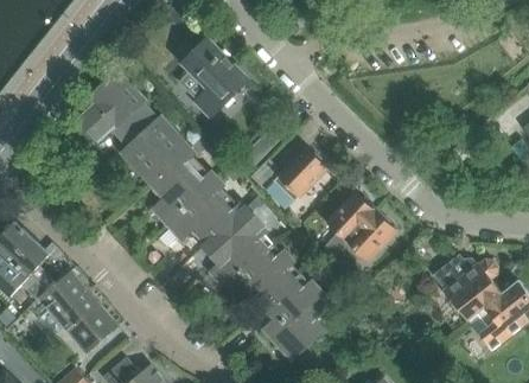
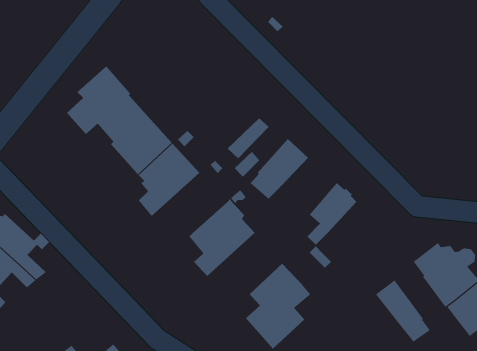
building: [181,38,248,119] -> none
building: [165,181,242,243] -> none
building: [346,211,396,262] -> none
building: [222,243,299,306] -> none
building: [38,273,114,351] -> none
building: none -> [375,279,430,342]

